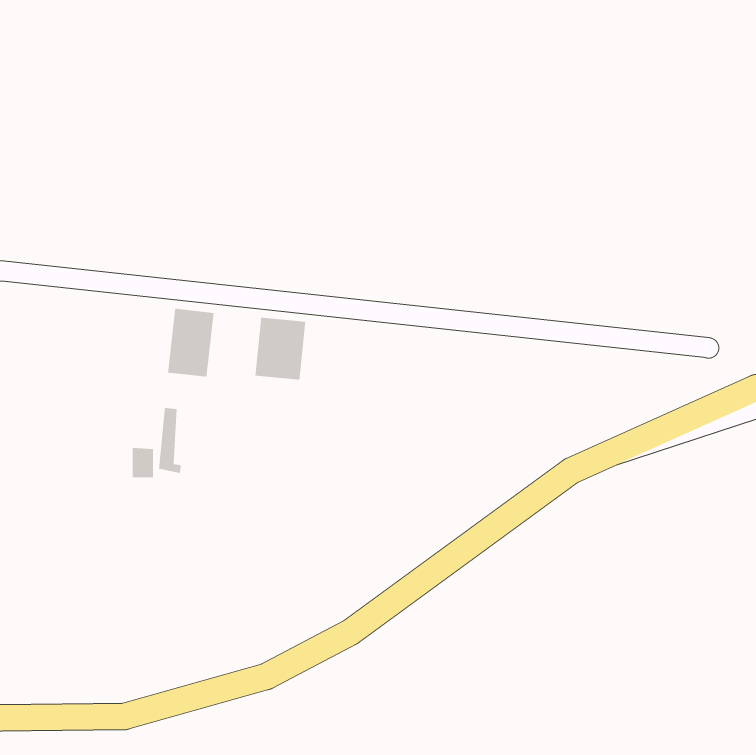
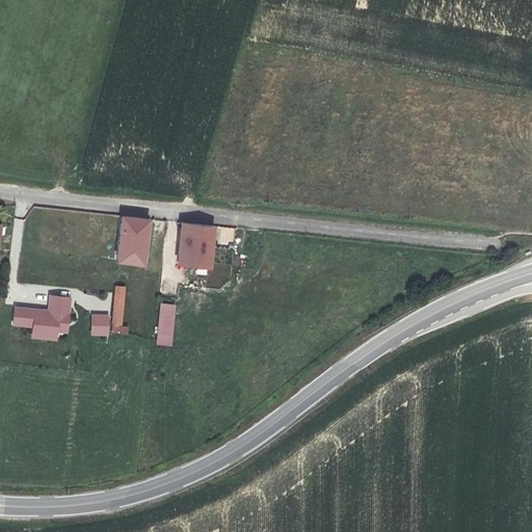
building: none -> [14,294,71,339]
building: none -> [157,303,176,345]

